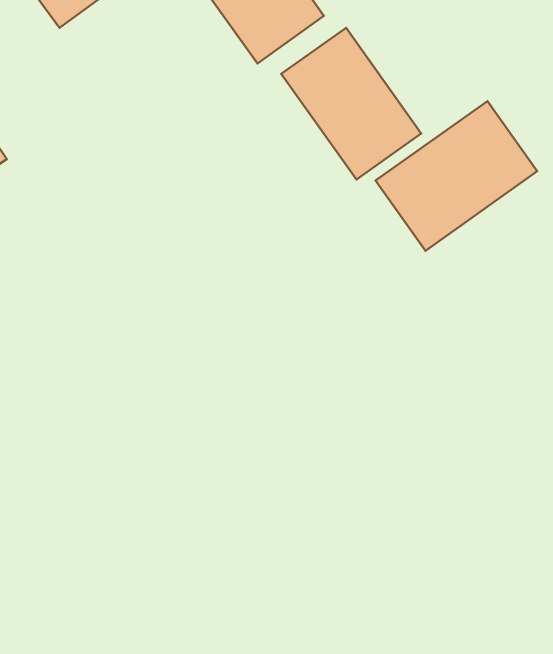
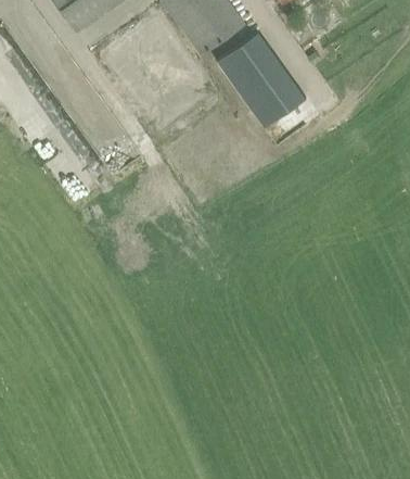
building: [376,101,537,251] -> none

